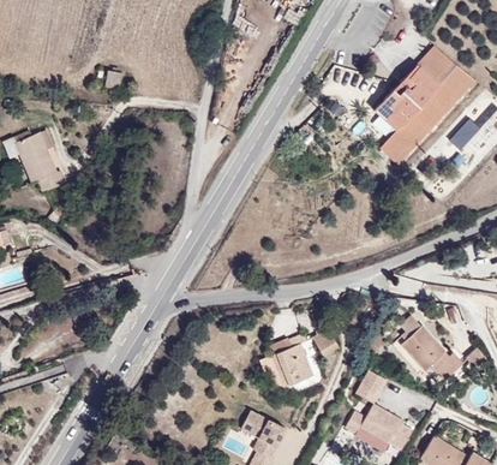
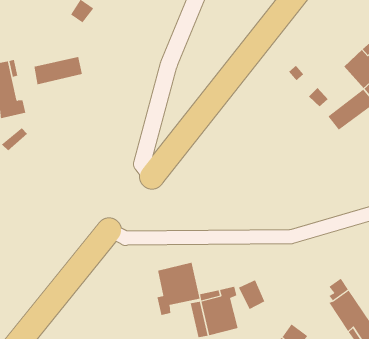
building: [376,96,413,132] -> none
building: none -> [34,56,82,85]
building: none -> [157,262,200,316]

